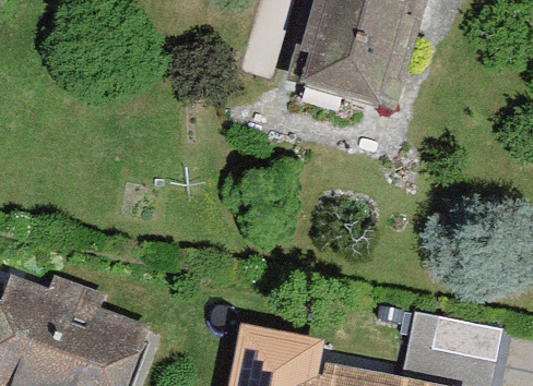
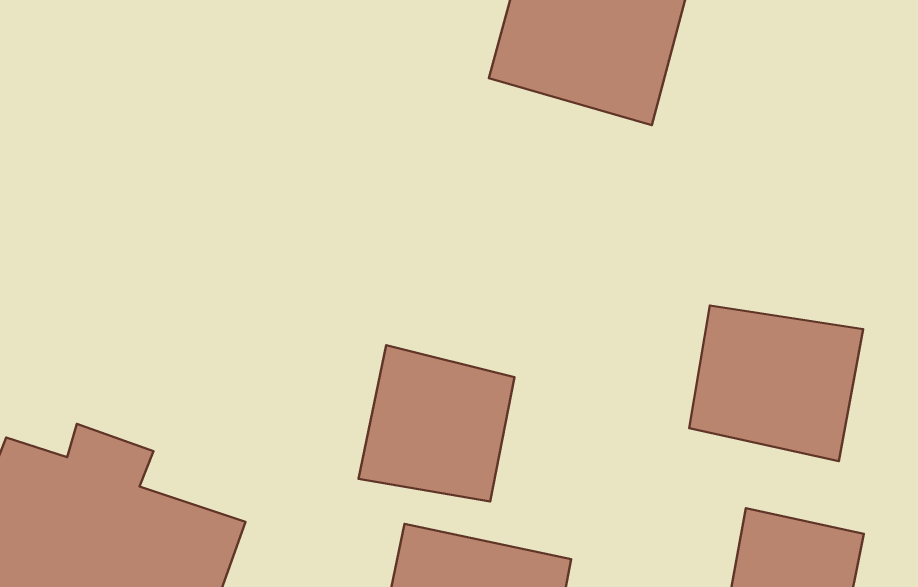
building: none -> [689,305,863,461]
building: none -> [359,345,514,501]

